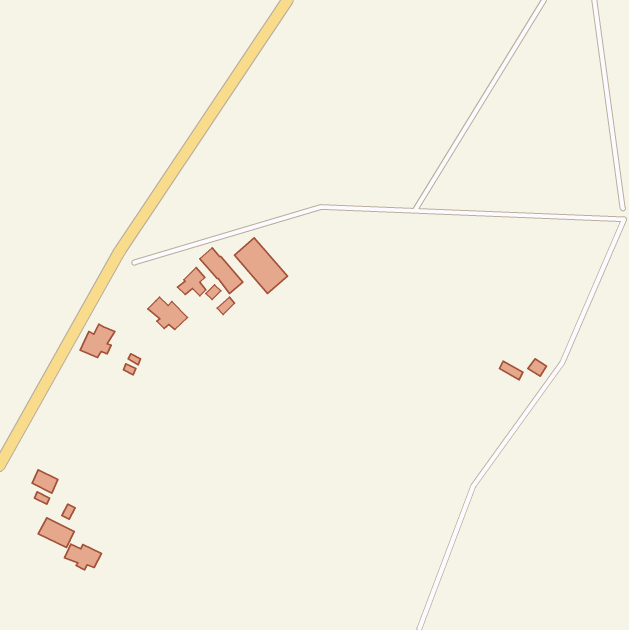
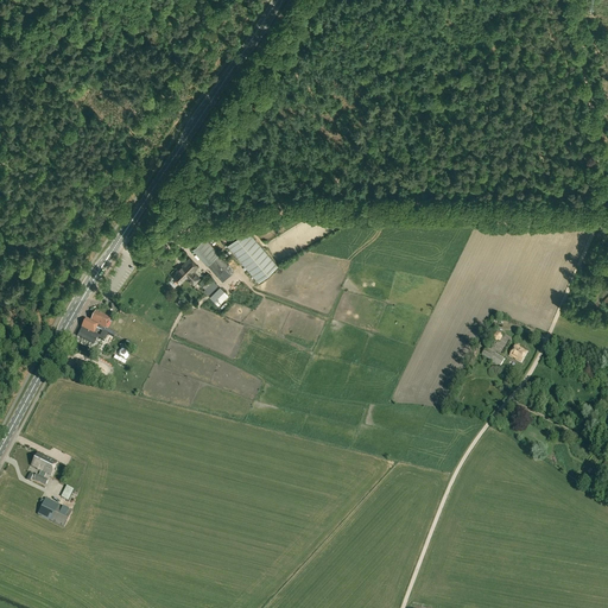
building: [148,297,188,329] -> none
building: [64,544,101,570] -> none

